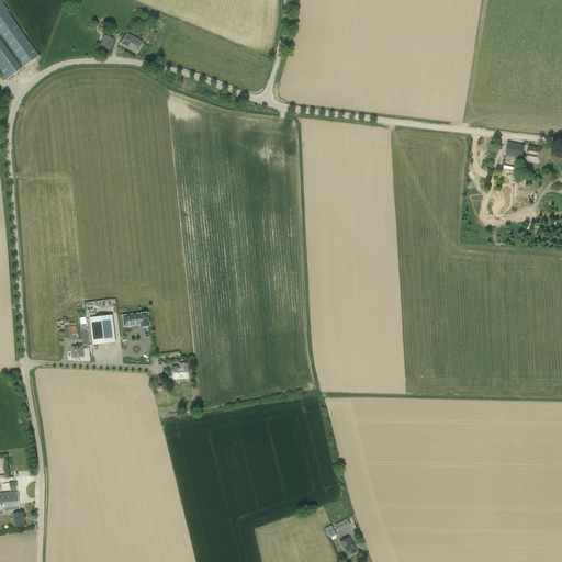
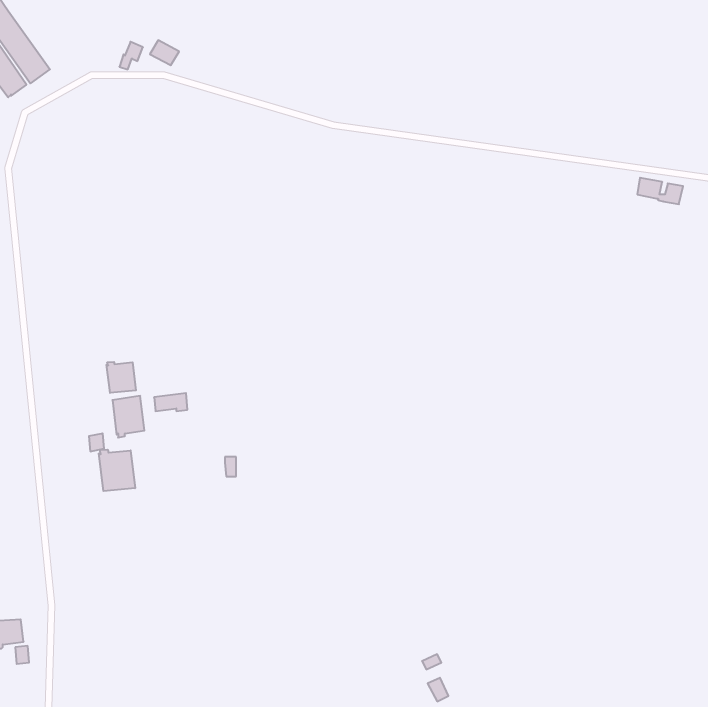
building: none -> [107,362,136,393]
building: none -> [99,450,135,491]

